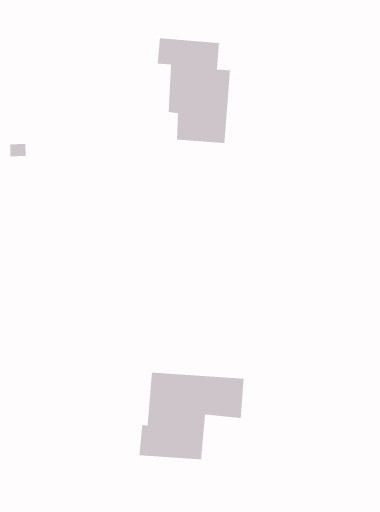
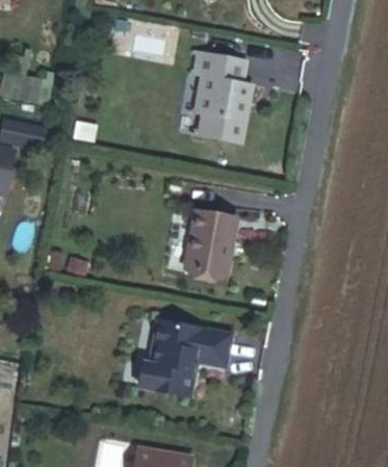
building: none -> [184,215,236,281]

